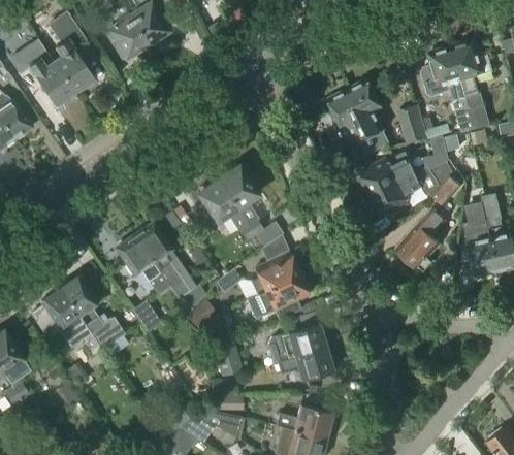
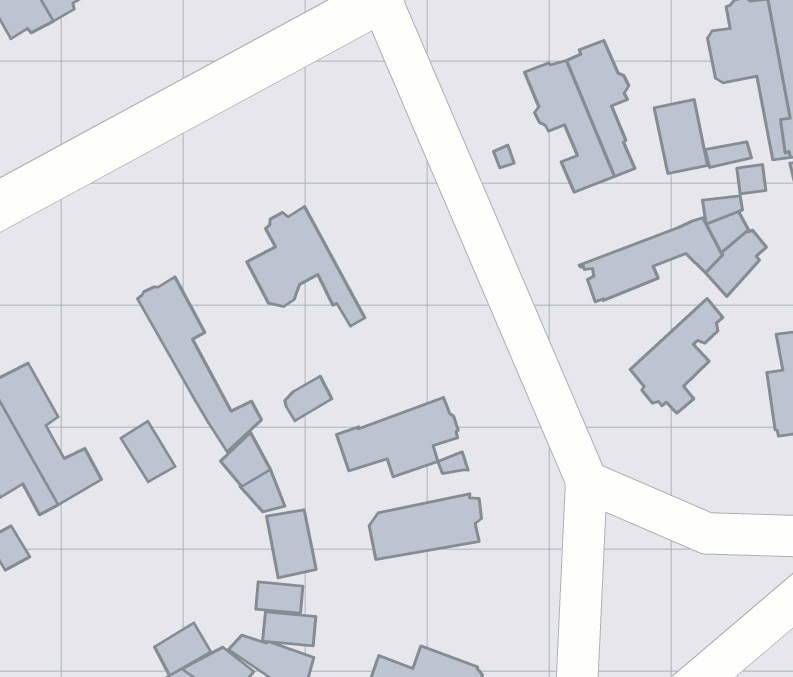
building: [356,158,415,197] -> none
building: [217,163,282,247] -> none
building: [116,236,168,294] -> none
building: [250,252,299,294] -> none
building: [271,348,334,380] -> none

